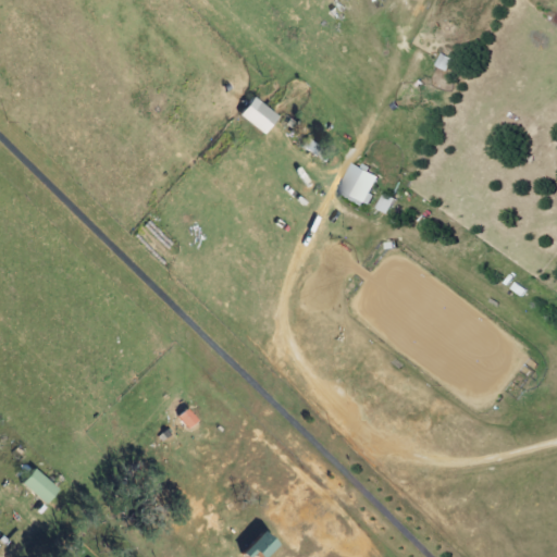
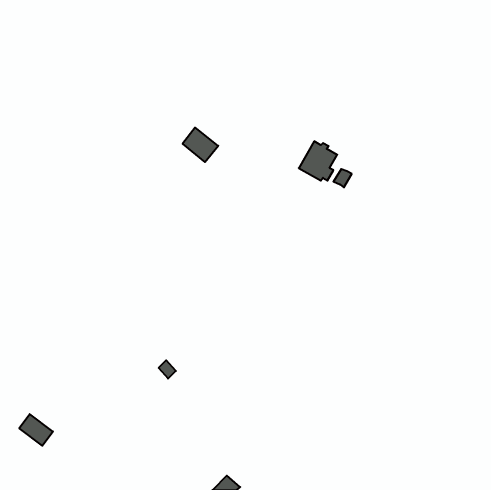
building: [239,95,280,134] -> [183,128,218,162]

